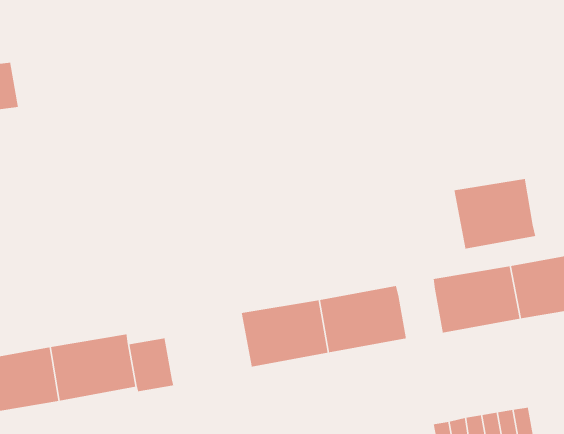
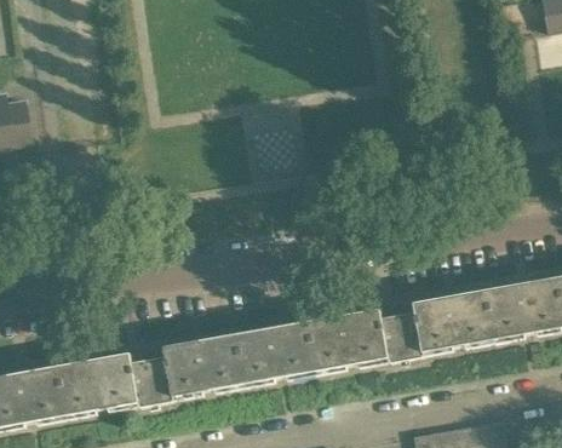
building: [454,178,536,250] -> none
building: none -> [382,311,423,362]
building: none -> [162,333,245,396]

